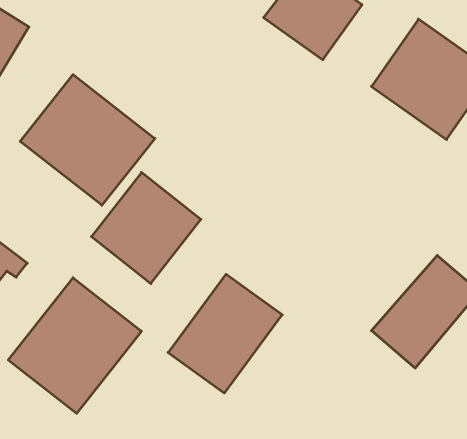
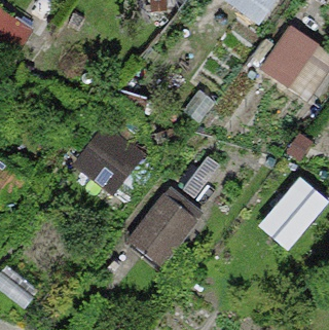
building: [20,75,155,205] -> none
building: [8,278,141,413] -> none

